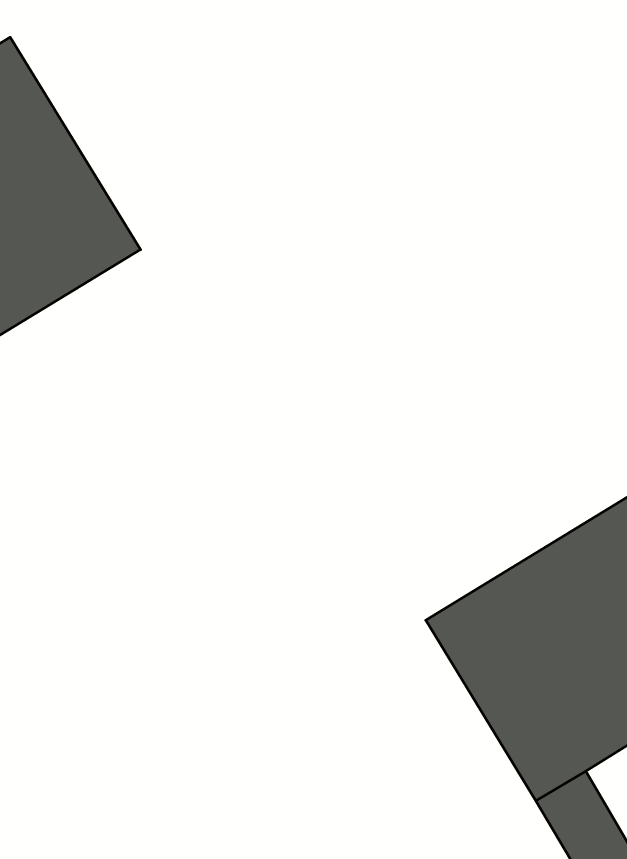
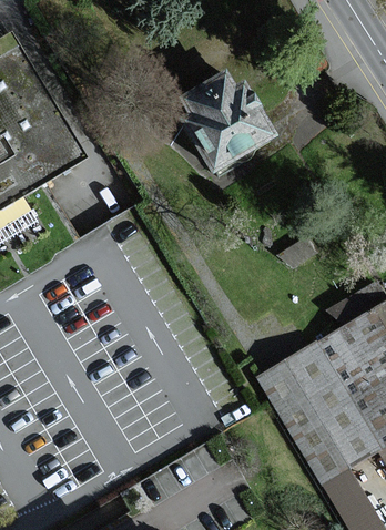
building: none -> [171,65,281,177]

